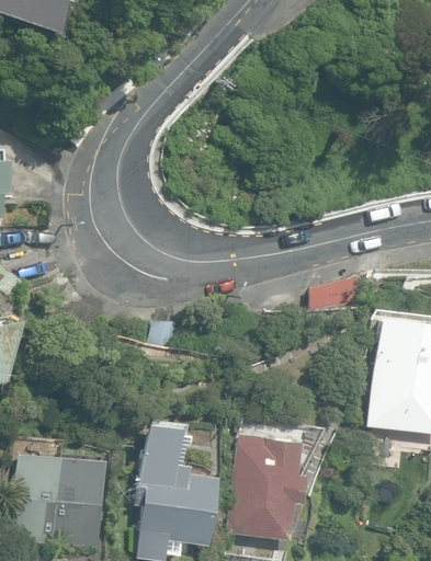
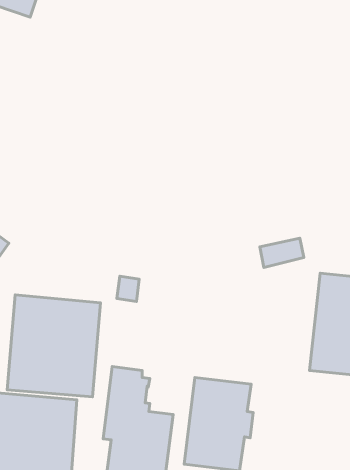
building: none -> [7,295,100,397]

